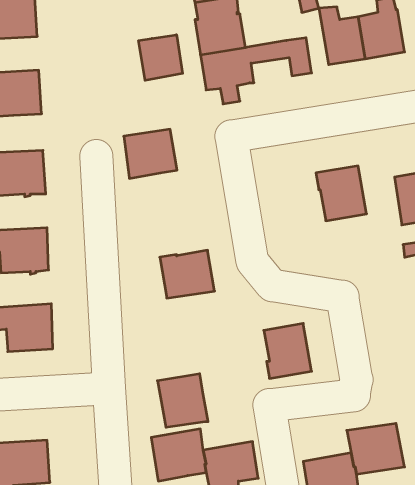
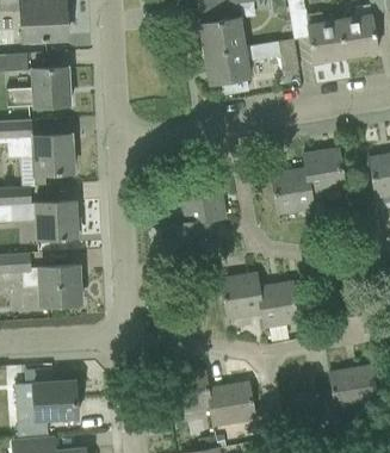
building: [139,35,183,80] -> none
building: [124,129,177,178] -> [180,182,225,224]
building: none -> [272,168,314,213]
building: [157,374,208,427] -> [221,273,264,318]

